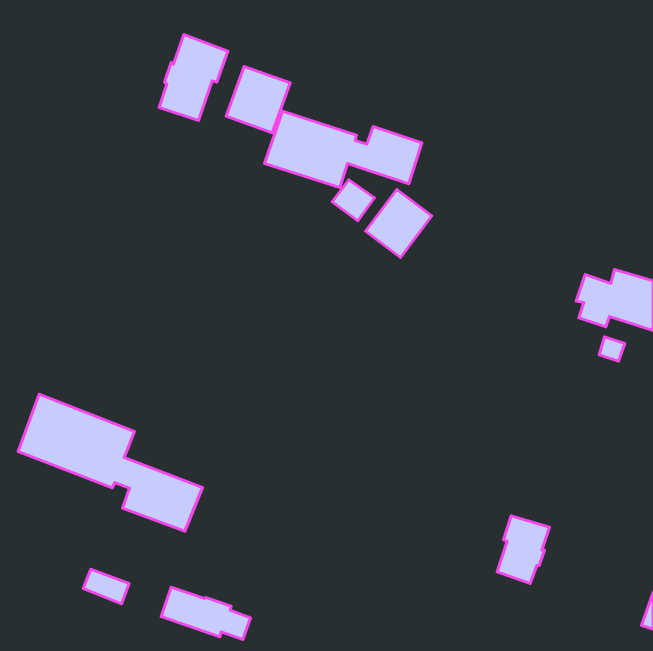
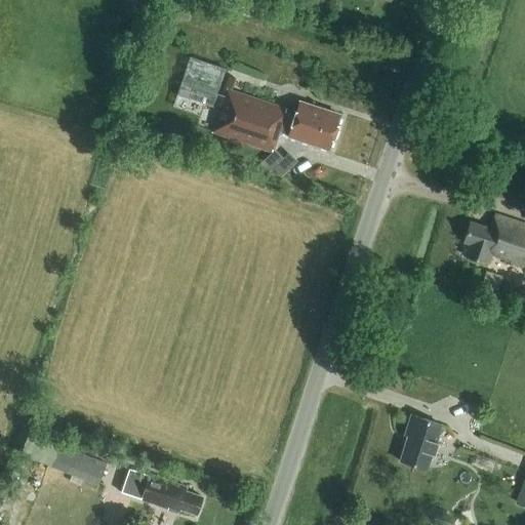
building: [159,35,228,120] -> none
building: [366,190,432,258] -> none
building: [18,394,202,531] -> none

